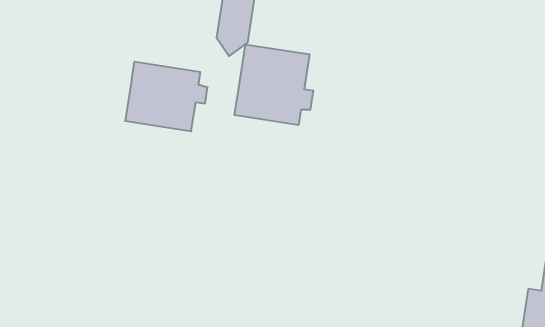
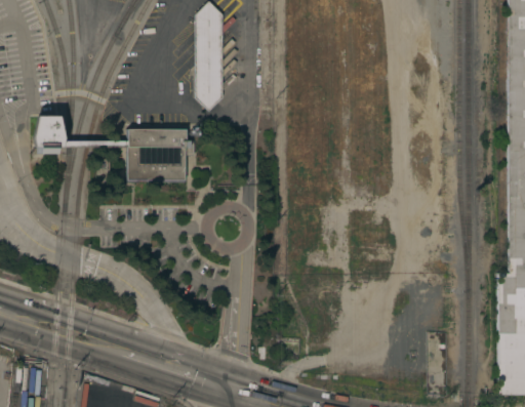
building: none -> [37,116,69,155]
building: [235,44,313,125] -> none

